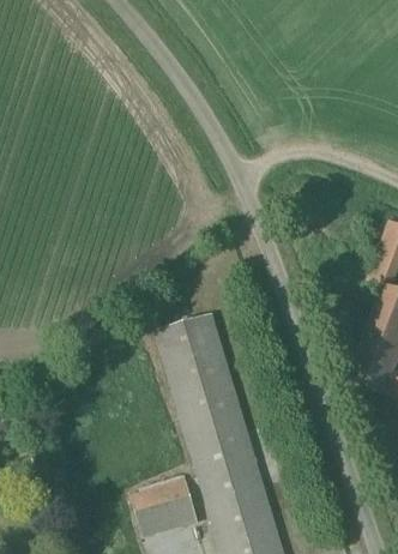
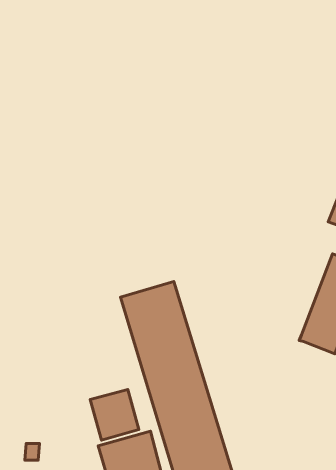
building: none -> [90,389,139,440]

